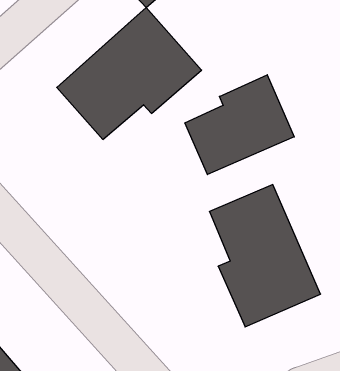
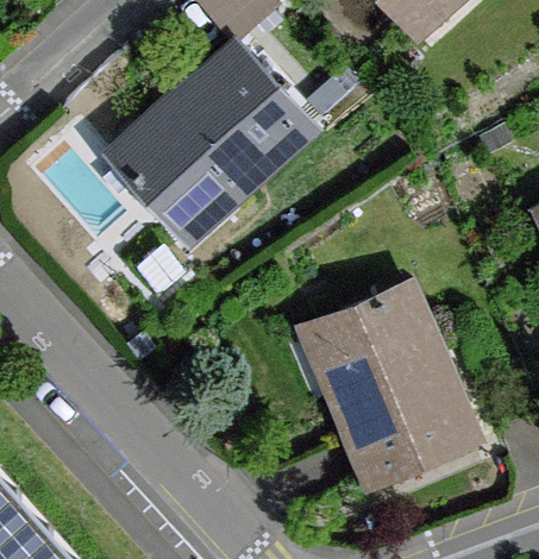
building: [185,75,294,175] -> none

